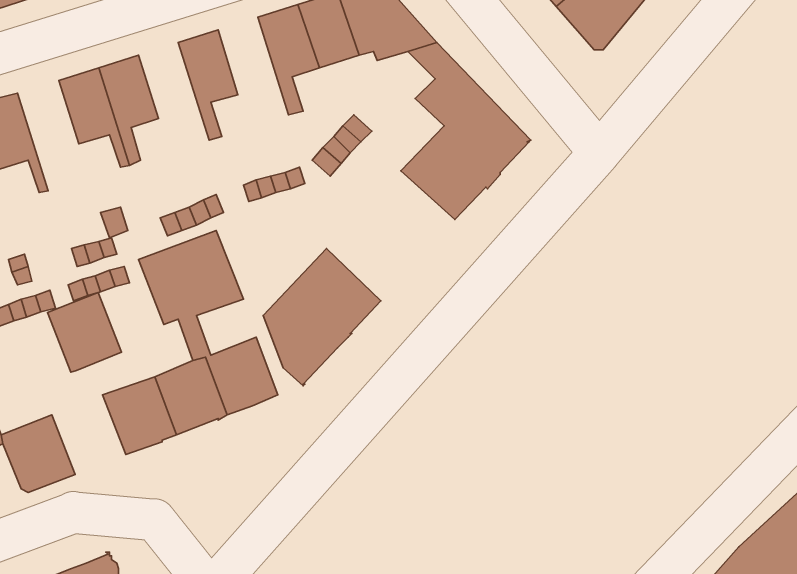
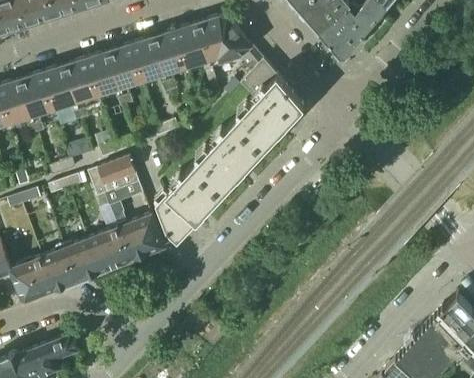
building: none -> [131,38,170,94]
building: none -> [87,52,126,107]
building: none -> [20,73,54,134]
building: none -> [191,123,262,195]
building: [47,293,122,372] -> [39,247,80,291]

